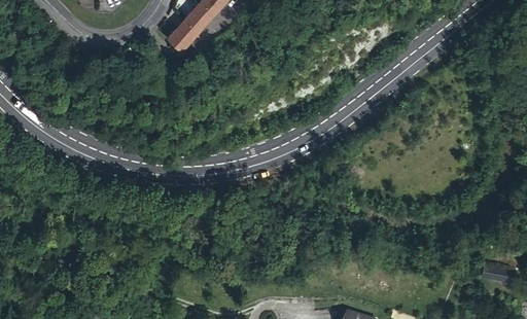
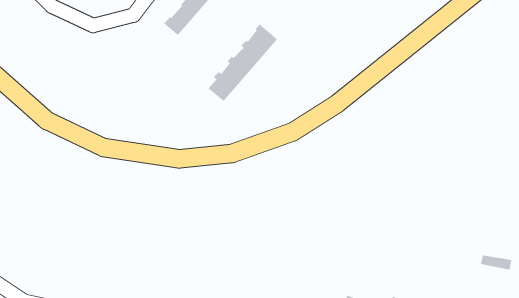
building: none -> [207,23,278,102]

